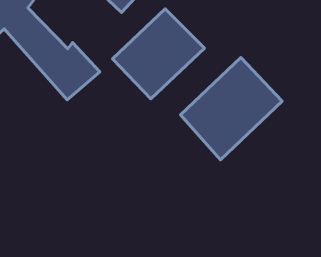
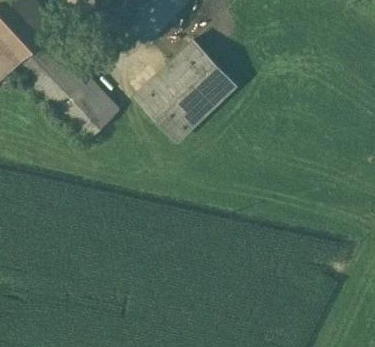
building: [180,58,282,160] -> none

